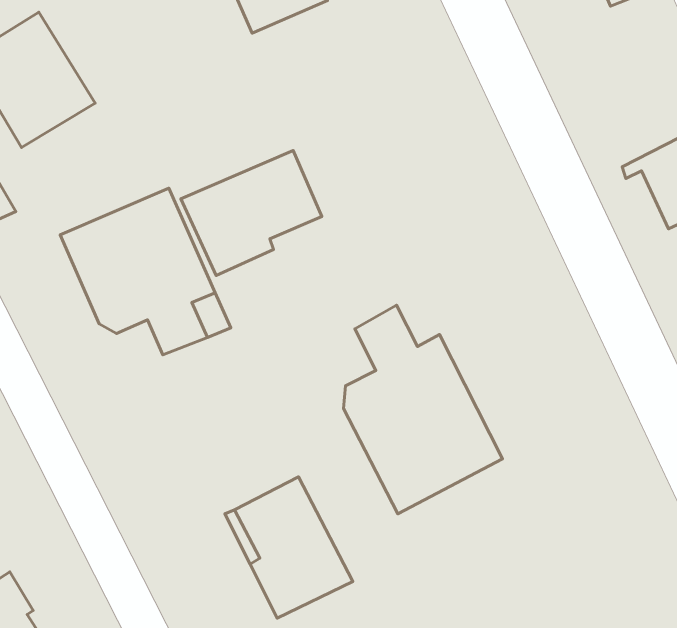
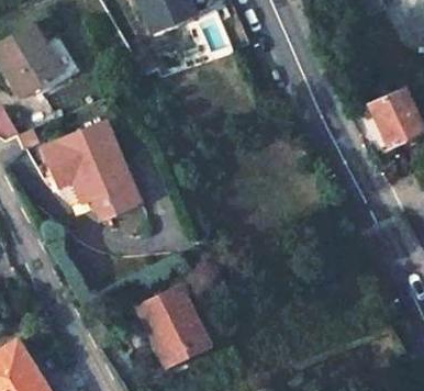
building: [181,151,322,275] -> none
building: [344,305,503,514] -> none

